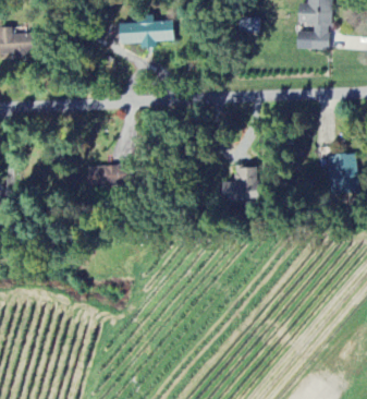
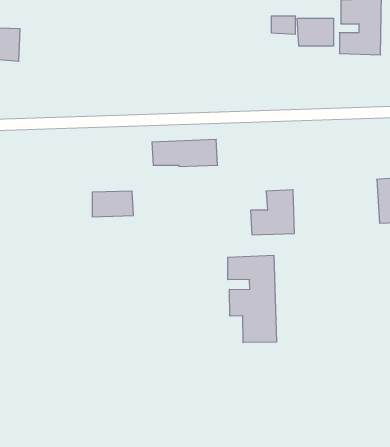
building: none -> [297,18,333,46]
building: [120,22,175,45] -> [152,139,218,166]
building: none -> [228,255,276,343]

